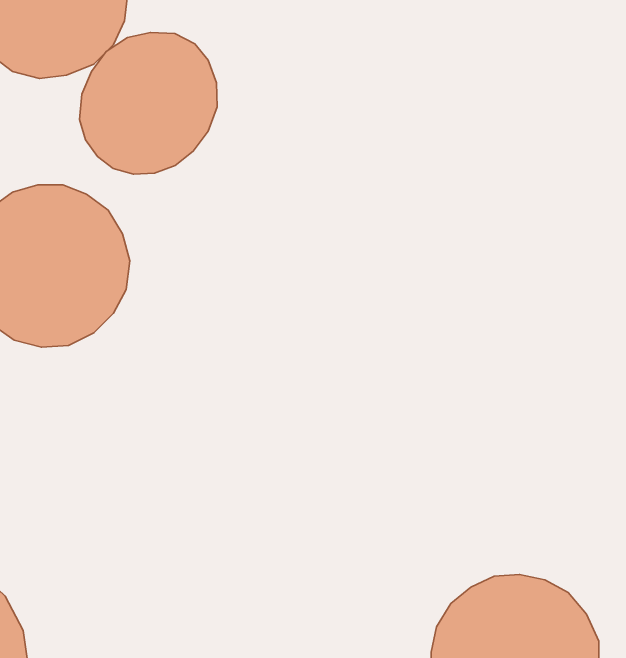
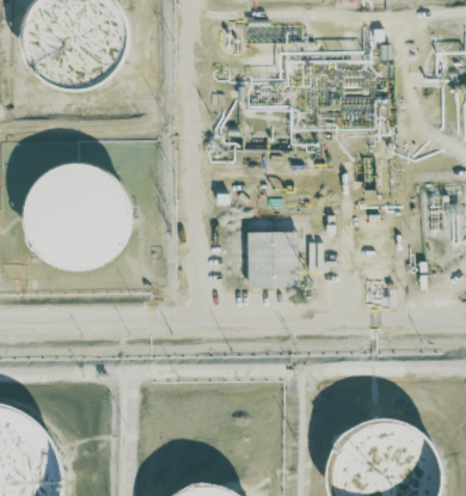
building: [79,32,217,174] -> none
building: none -> [249,225,300,282]

